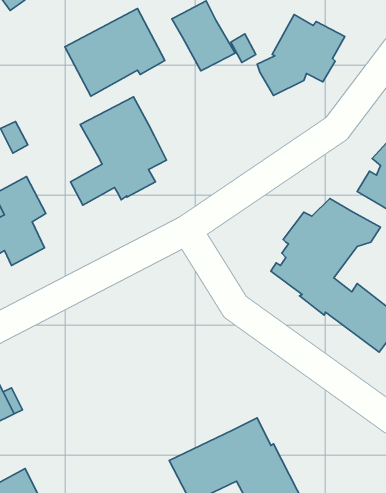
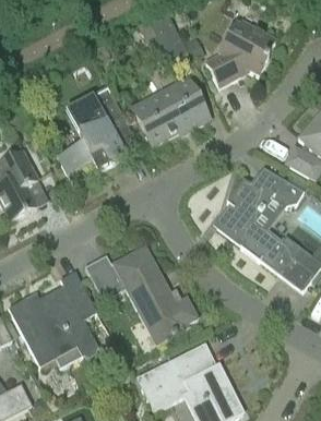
building: [65,9,165,96] -> [130,76,210,146]
building: none -> [84,246,198,345]
building: none -> [8,270,98,369]

